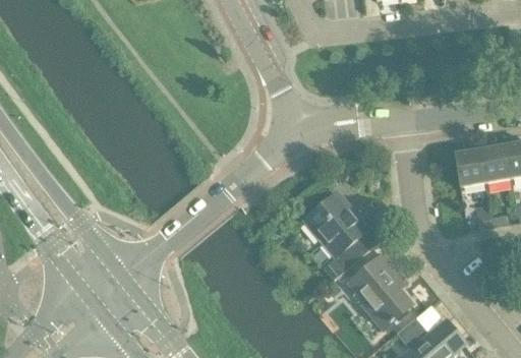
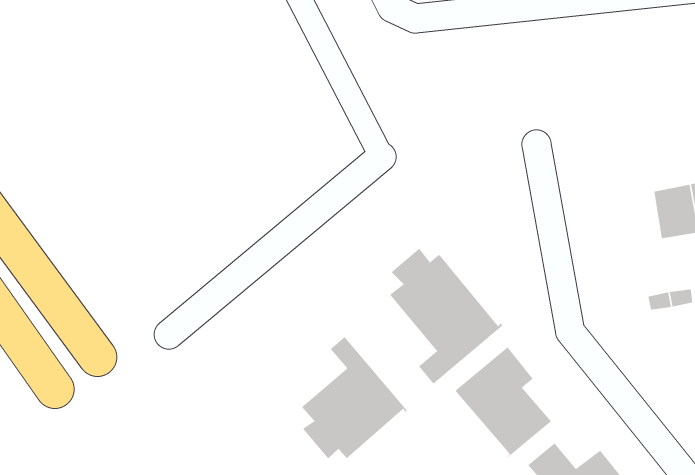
building: [455,150,485,186] -> none
building: none -> [301,336,408,459]

